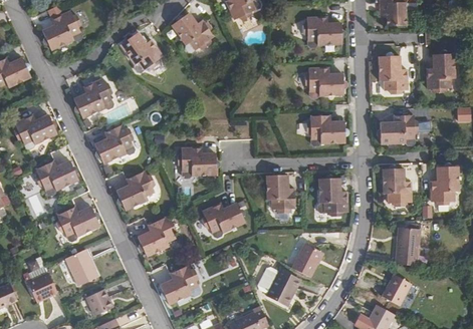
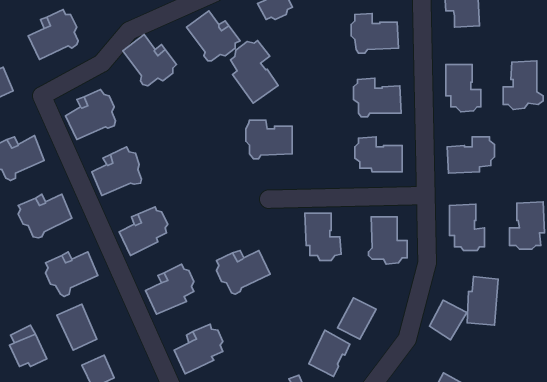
building: none -> [230,40,278,103]
building: [177,146,214,178] -> [246,120,292,159]
building: [382,273,412,305] -> [429,300,467,340]

